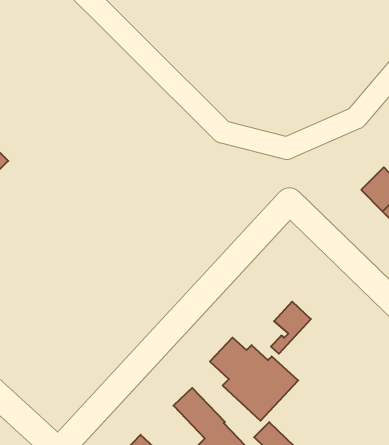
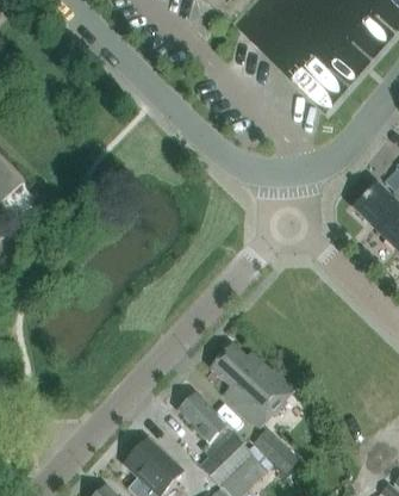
building: [271,302,311,354] -> none

